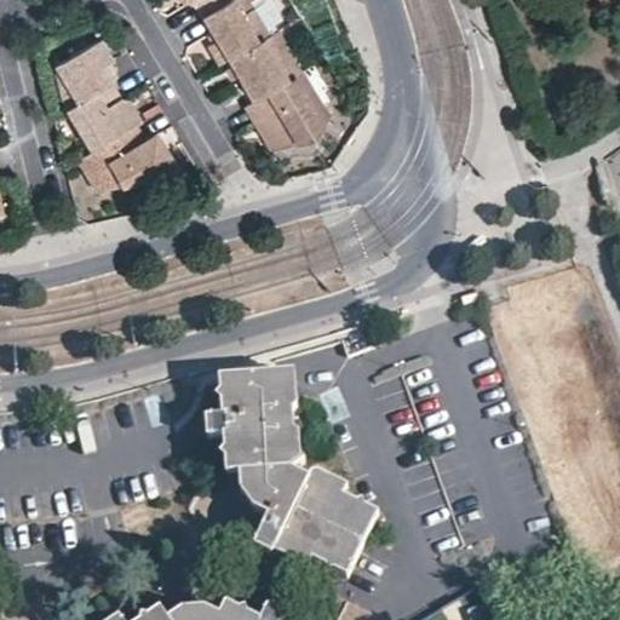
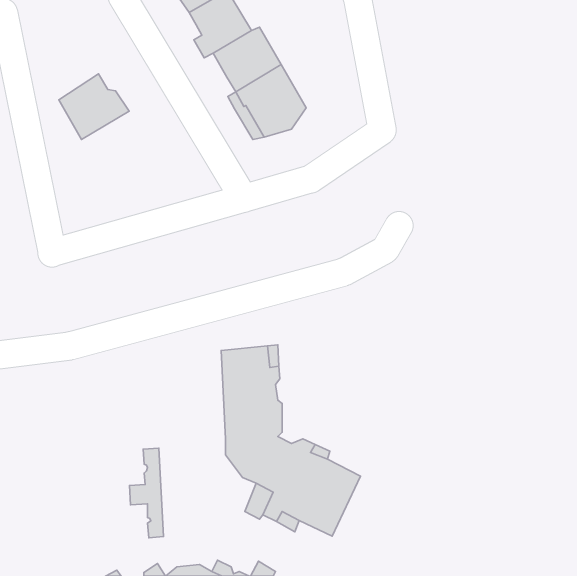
building: [52,35,107,107] -> none
building: [76,119,171,191] -> none
building: [205,374,241,470] -> [129,448,163,538]

